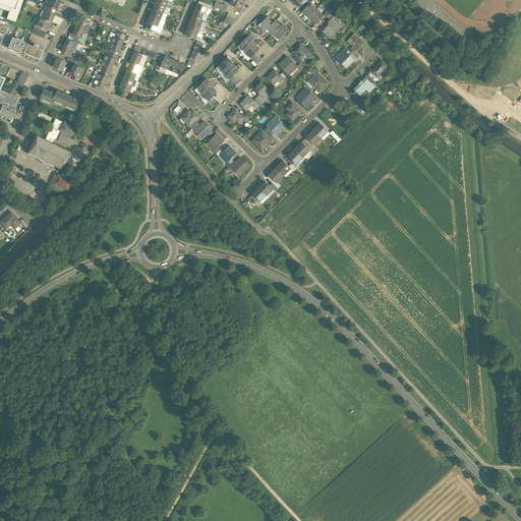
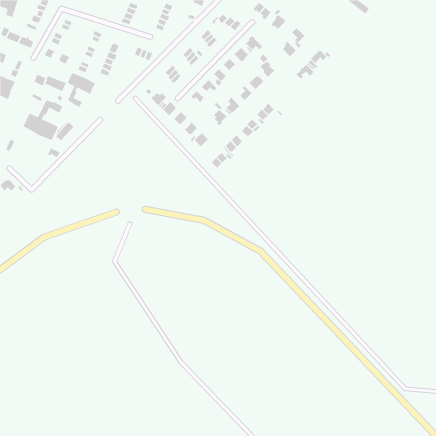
building: none -> [67,72,96,108]

